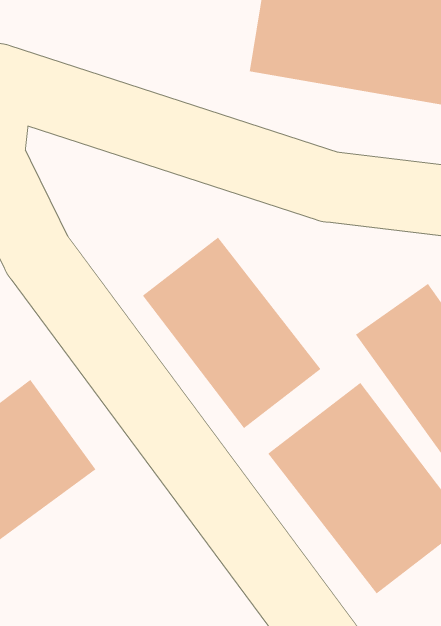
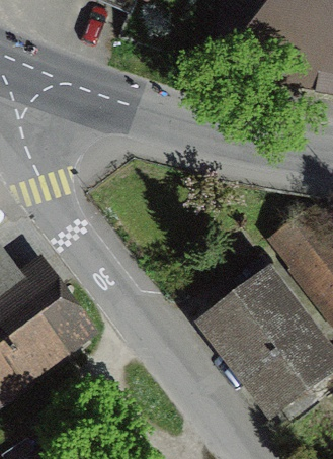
building: [142,237,322,429] -> none

